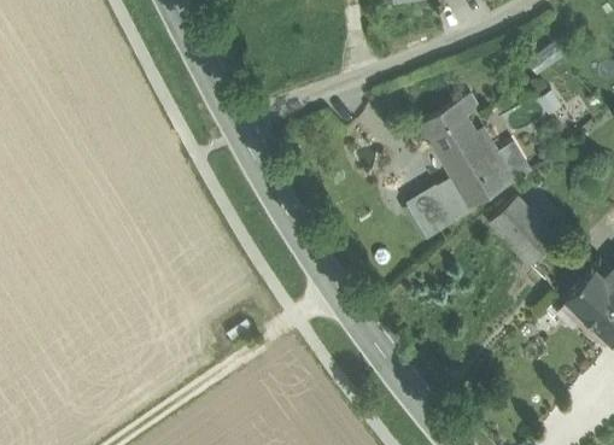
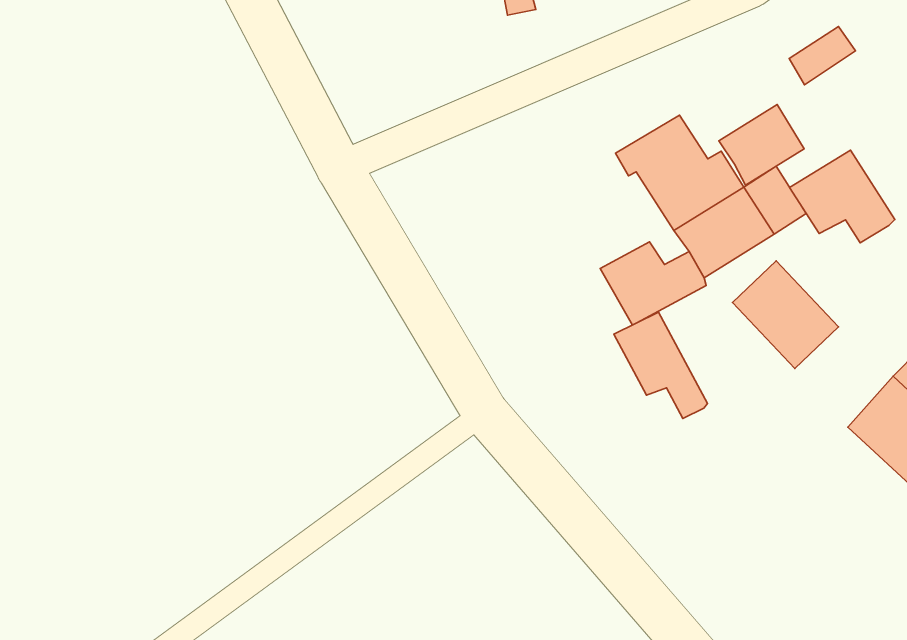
building: none -> [719,104,804,185]
building: none -> [790,150,895,243]
building: none -> [614,312,708,418]

